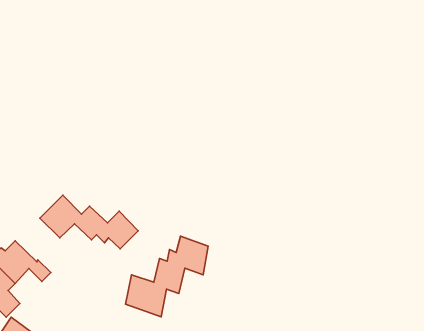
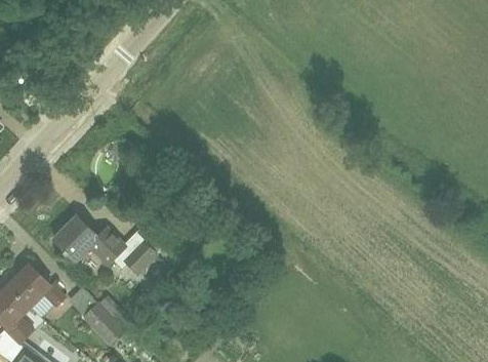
building: [126,236,208,317] -> none
building: none -> [82,300,126,346]

